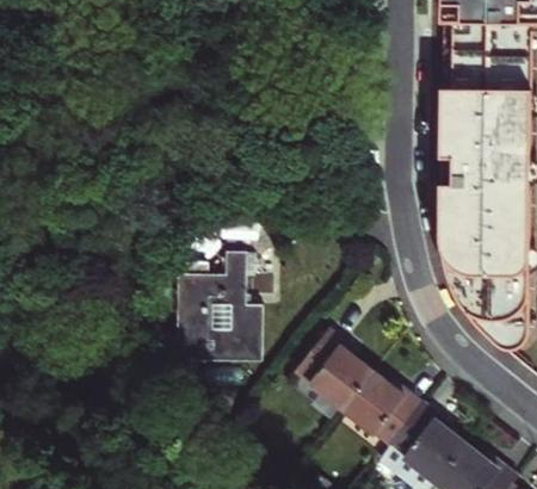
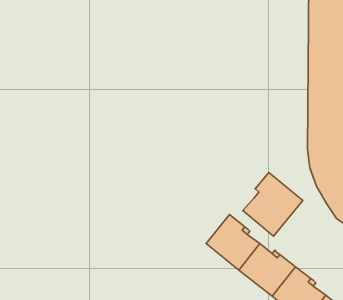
building: [175,252,261,361] -> none
building: none -> [243,173,303,236]

